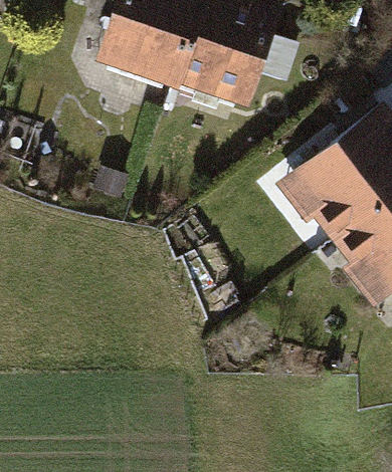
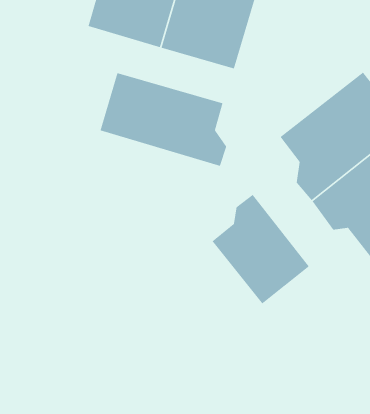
building: none -> [100,72,227,167]
building: none -> [211,194,310,304]

